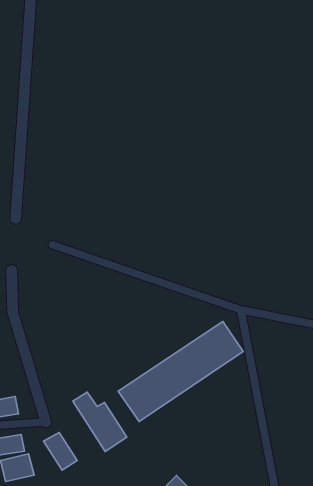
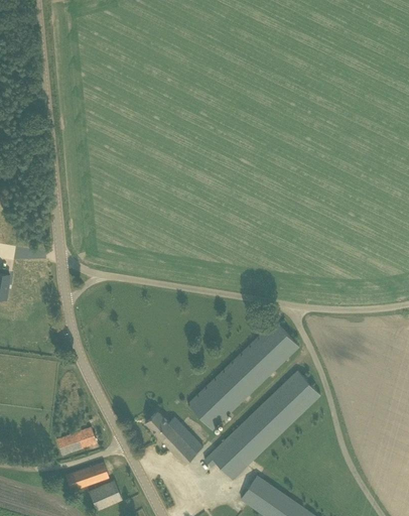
building: none -> [203,371,319,480]
building: [43,432,77,470] -> none

